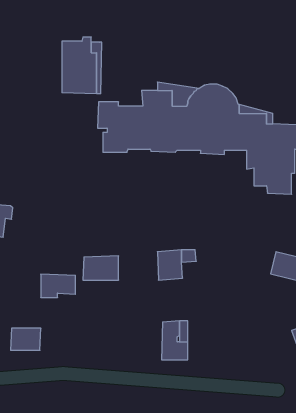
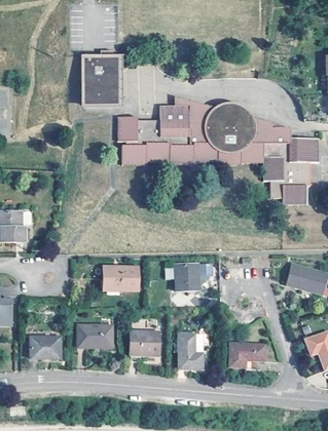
building: [41,274,75,297] -> [77,324,111,347]
building: none -> [130,330,157,353]
building: none -> [228,341,267,366]

